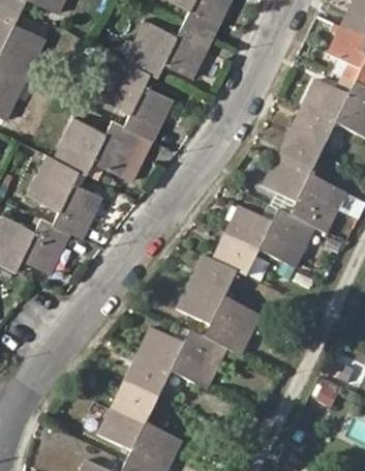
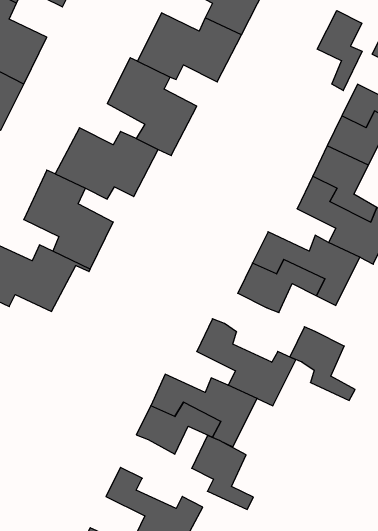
building: none -> [317,11,362,91]
building: [189,254,245,317] -> [290,327,355,400]
building: [111,379,163,442] -> [192,436,253,509]

